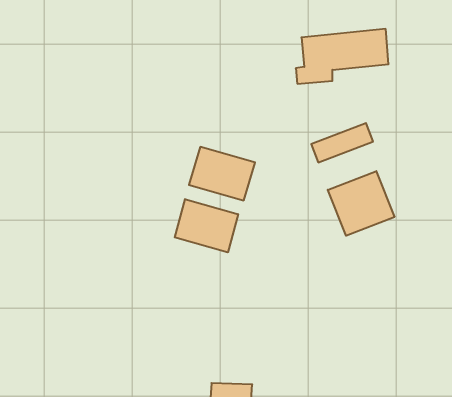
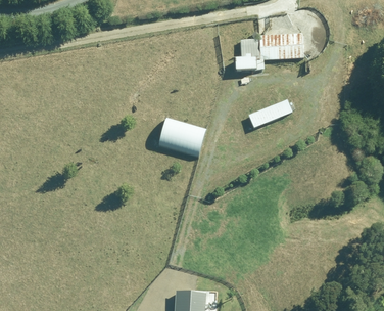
building: [328,171,394,236] -> none
building: [175,199,238,252] -> none

